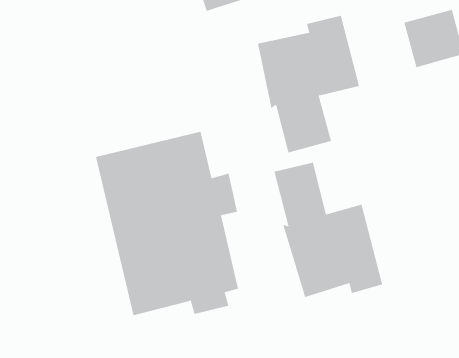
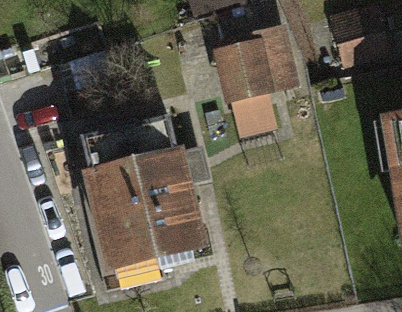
building: [274,162,383,298] -> none

